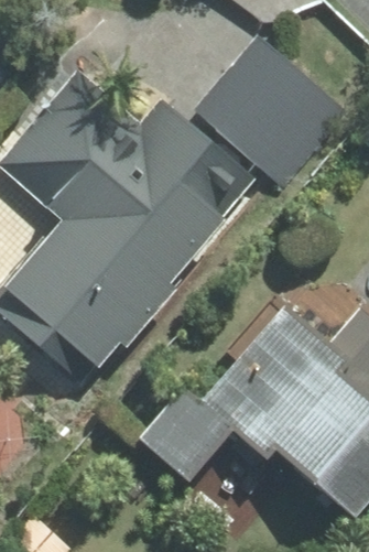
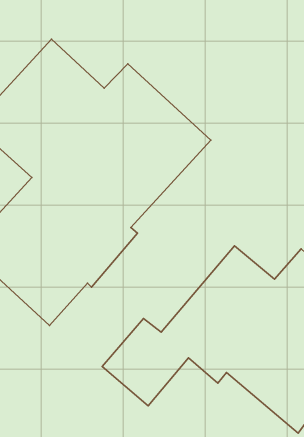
building: [193,37,348,190] -> none

